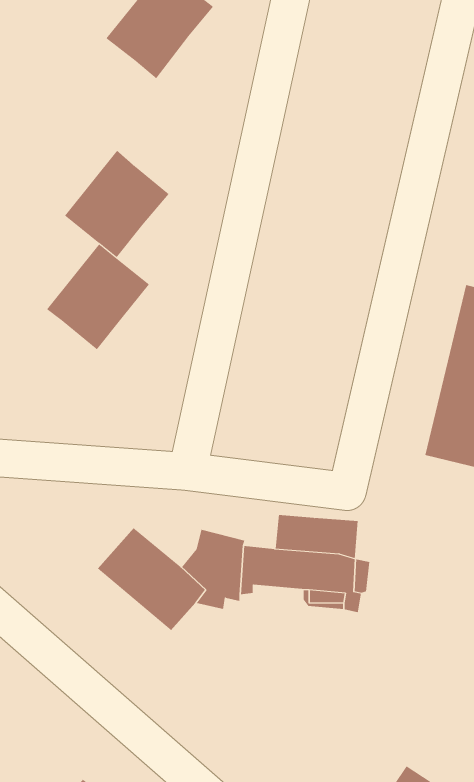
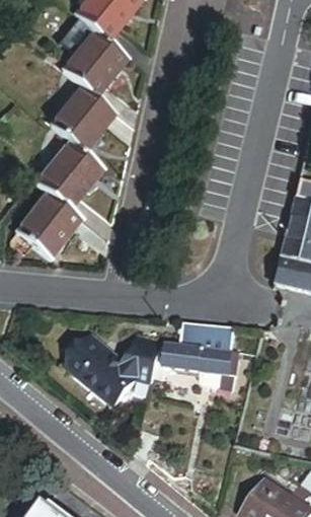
building: none -> [61,42,123,105]
building: none -> [15,202,79,268]

